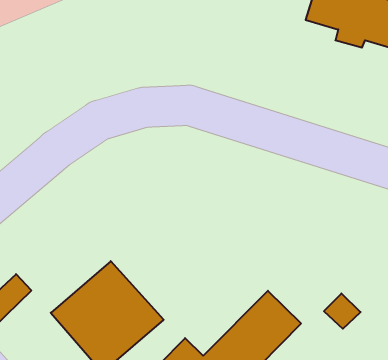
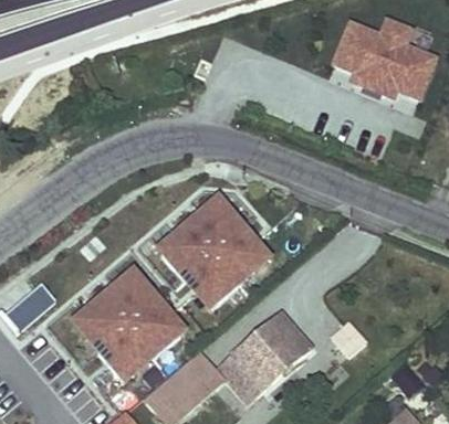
building: none -> [163,200,268,308]

